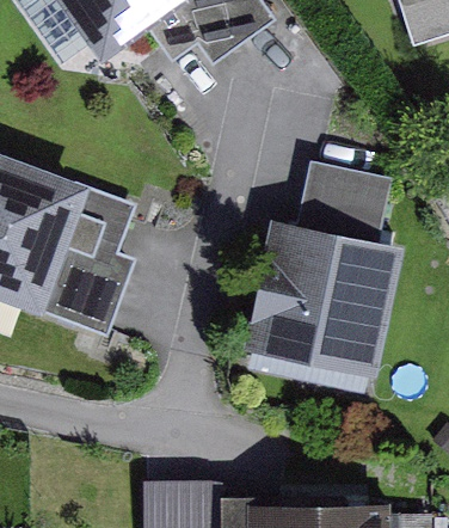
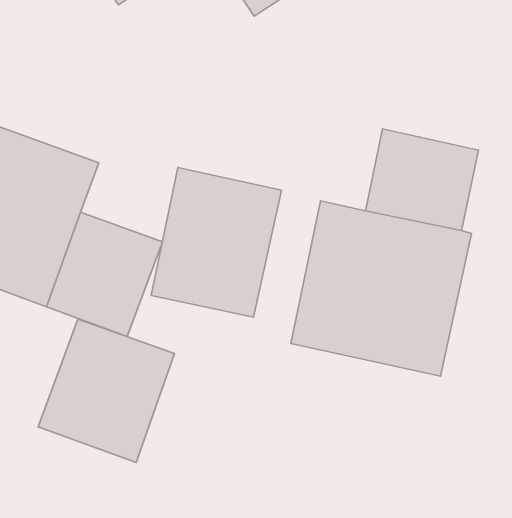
building: none -> [151,168,281,317]
building: none -> [38,319,174,462]

